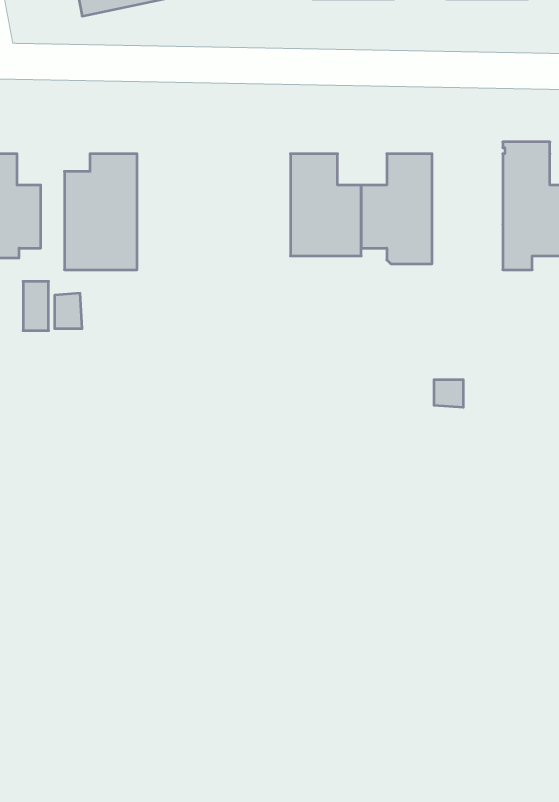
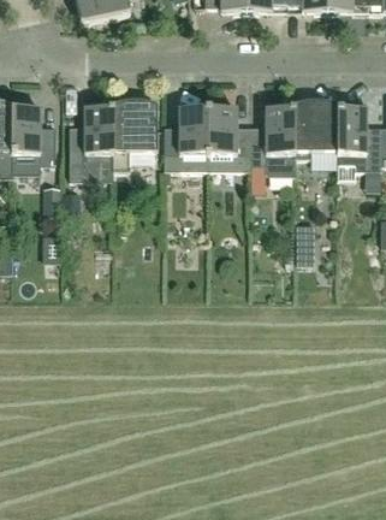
building: none -> [112,99,156,170]
building: none -> [293,99,338,156]
building: none -> [164,107,207,170]

